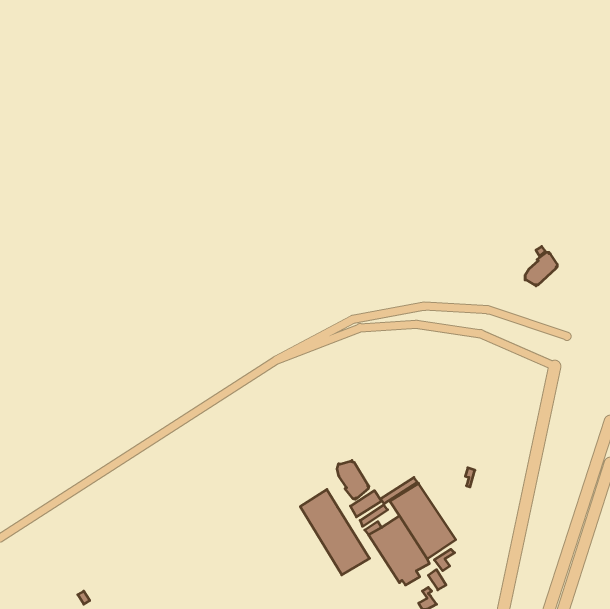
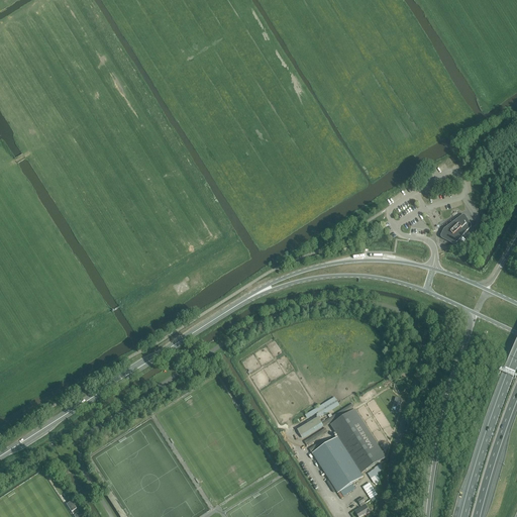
building: [337,460,369,499] -> none
building: [300,489,370,575] -> none

